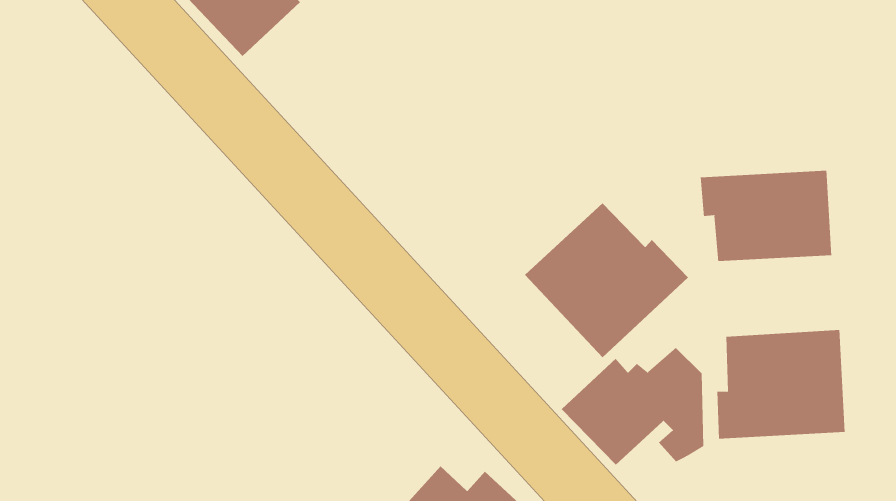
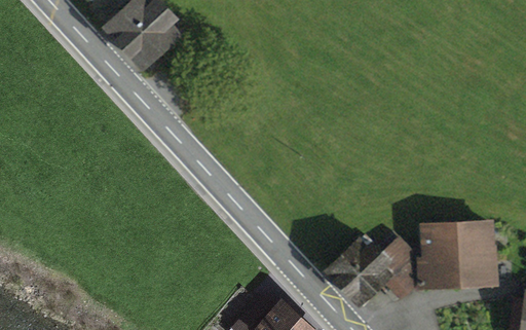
building: [700,170,832,262] -> none
building: [524,202,689,358] -> none

